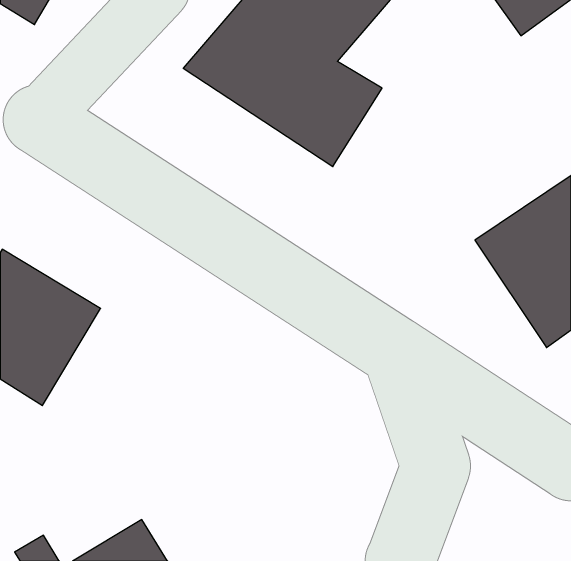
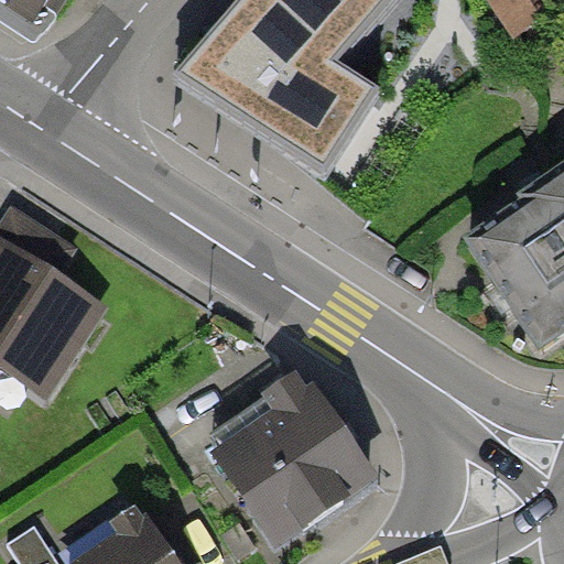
building: none -> [225,401,361,538]

